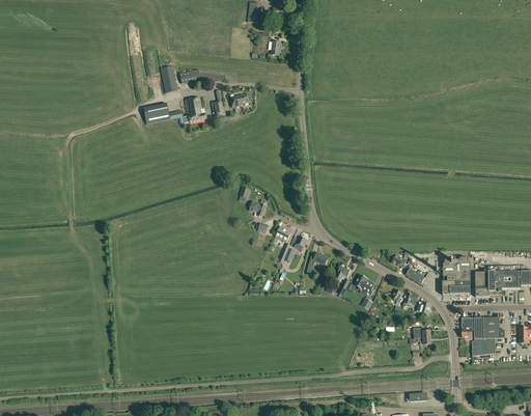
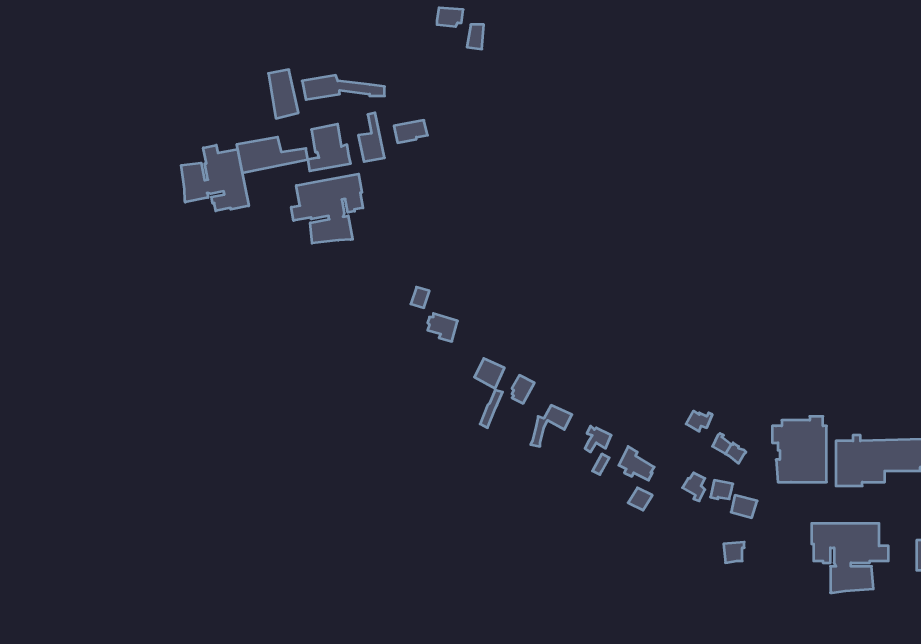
building: none -> [181,145,249,211]
building: none -> [291,174,363,243]

